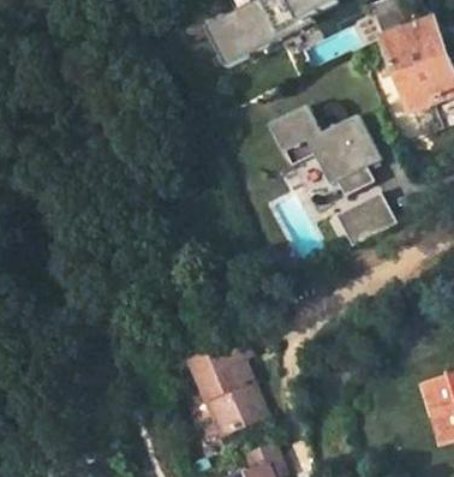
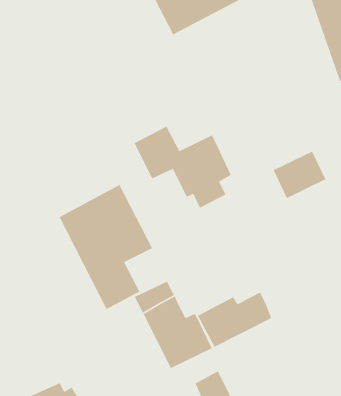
building: [270,106,380,198] -> [133,125,232,209]
building: none -> [58,184,153,310]
building: none -> [197,292,272,348]

